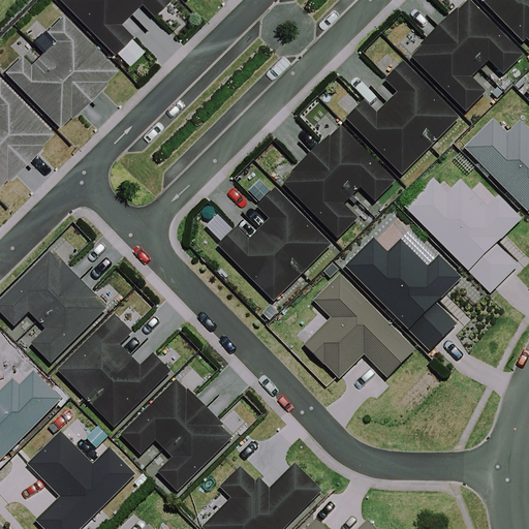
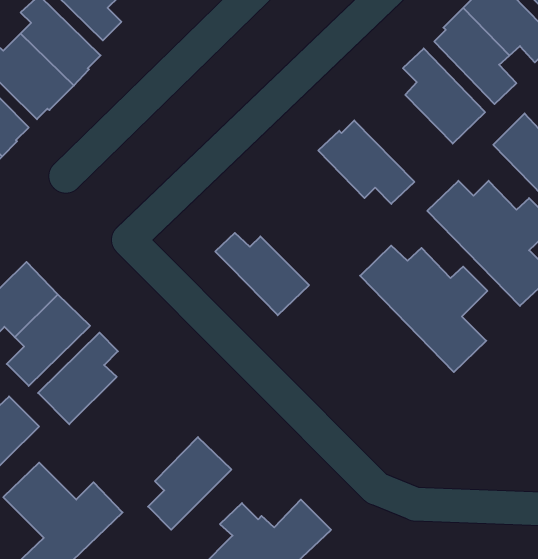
building: [346,99,429,173] -> none
building: [284,152,356,236] -> none
building: [255,187,330,272] -> none
building: [304,273,414,376] -> none
building: [87,353,169,425] -> none
building: [121,379,201,452] -> none

